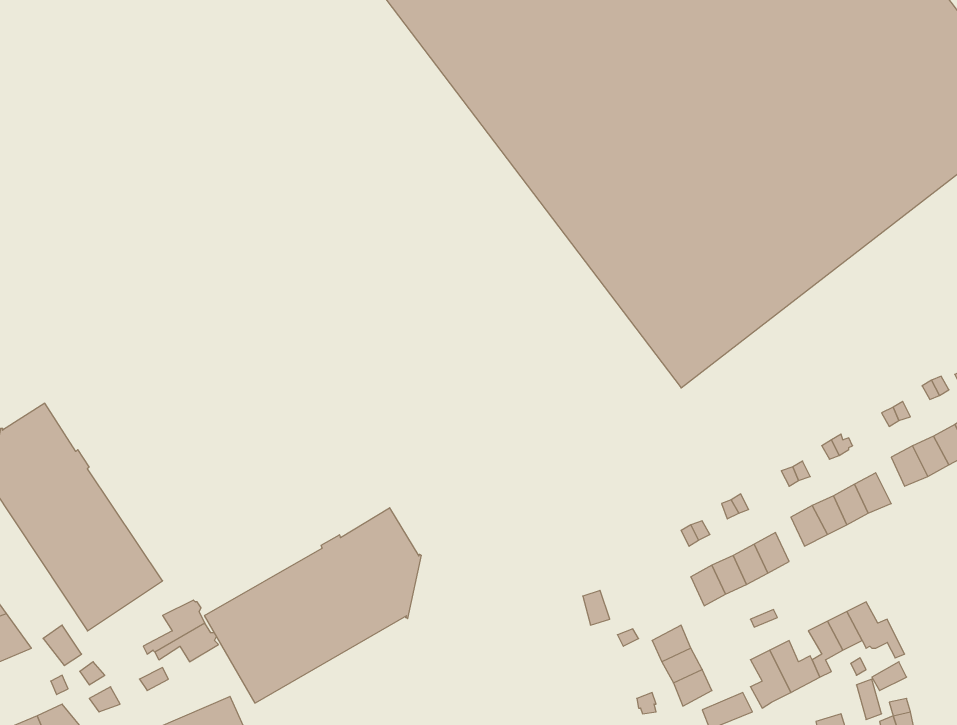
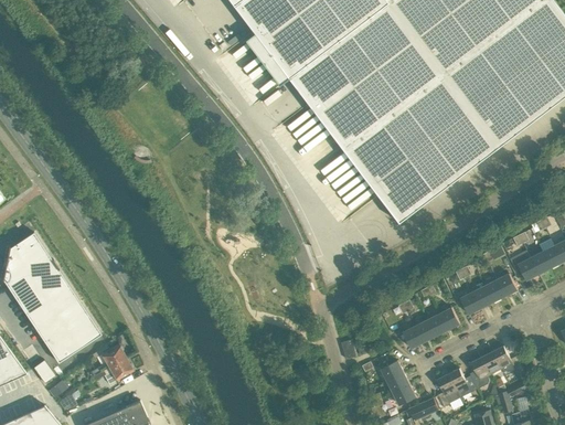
building: [205,508,421,703] -> none

